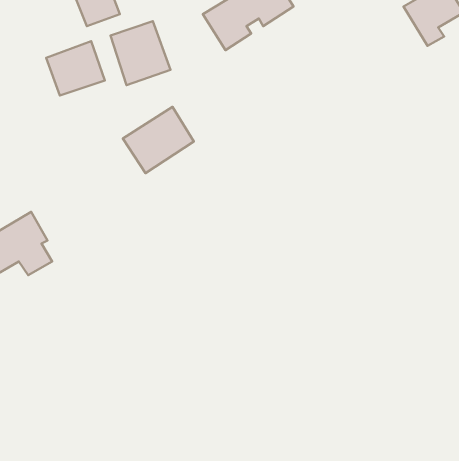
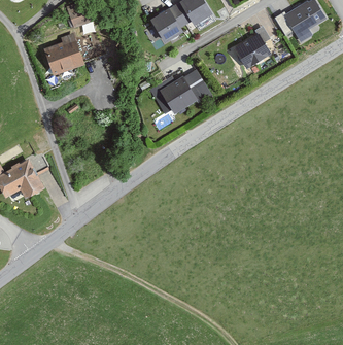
building: [110,21,170,85] -> none
building: none -> [238,33,275,68]
building: [123,107,194,173] -> [159,69,207,114]

